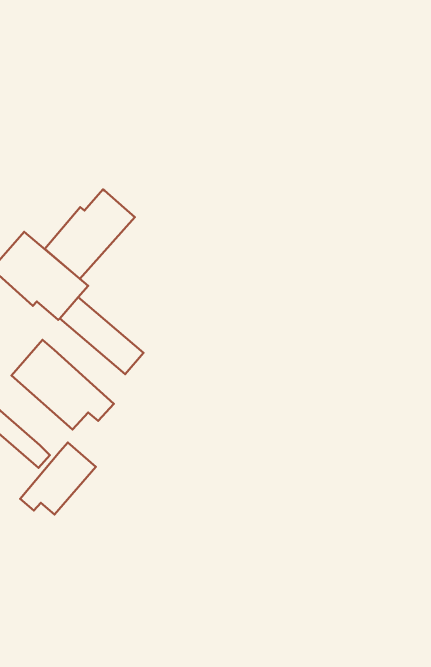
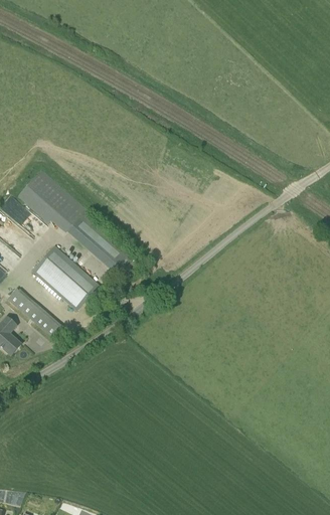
building: [45,189,135,279] -> none
building: [20,442,96,514] -> none

